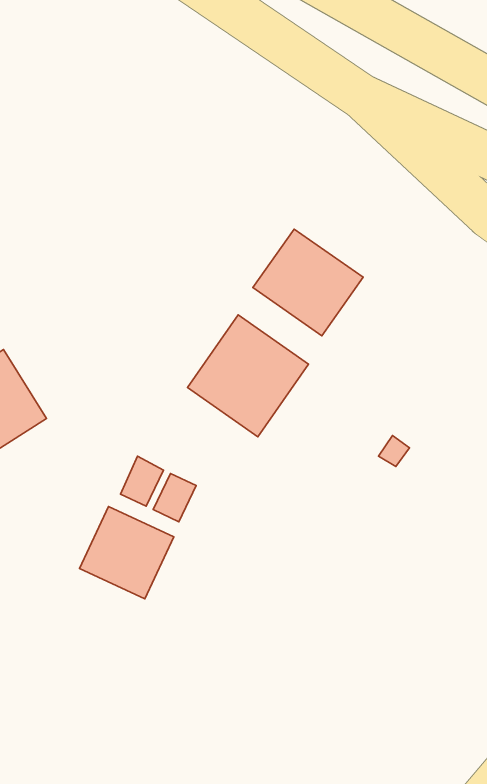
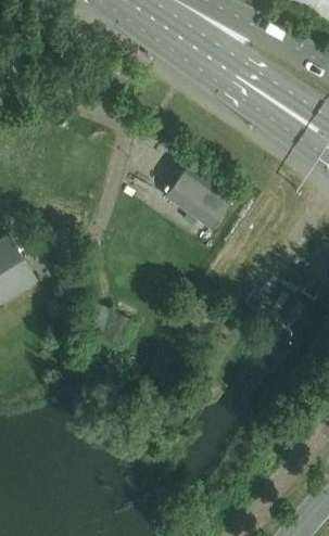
building: [188,315,308,437] -> none
building: [79,506,174,599] -> none

